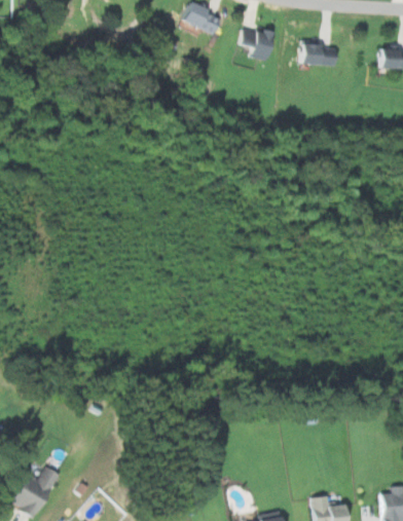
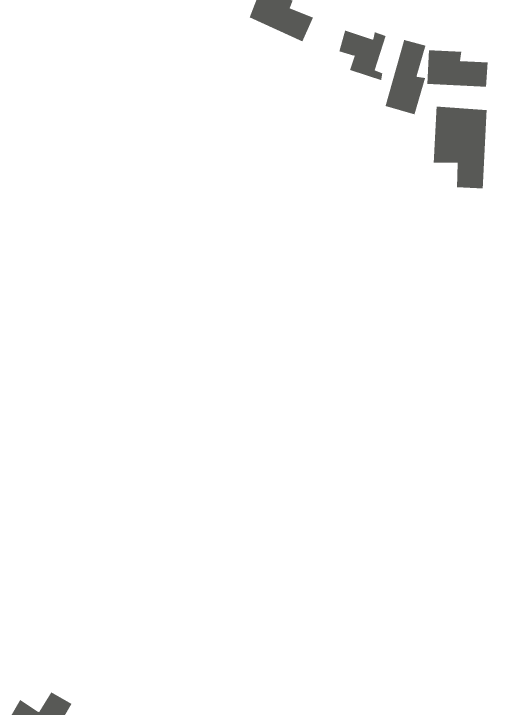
building: none -> [385,39,426,115]
building: none -> [433,106,487,189]

